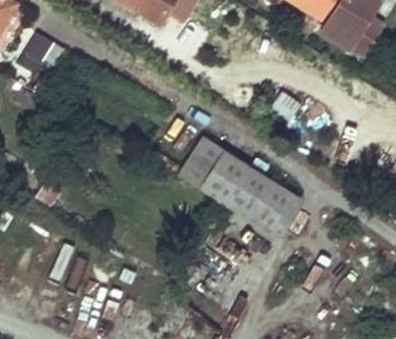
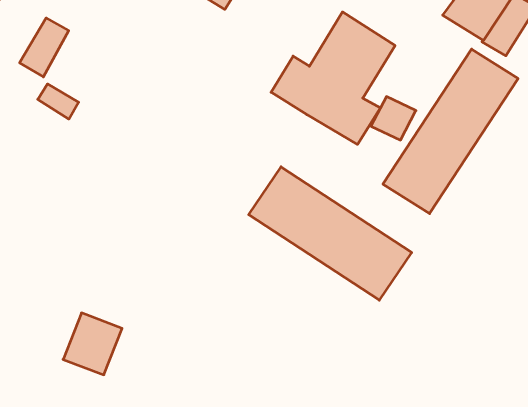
building: none -> [271,12,395,144]
building: none -> [383,49,518,214]

